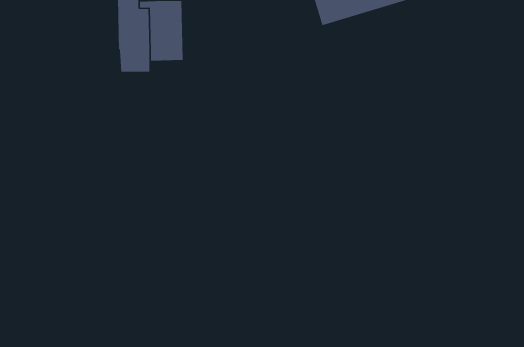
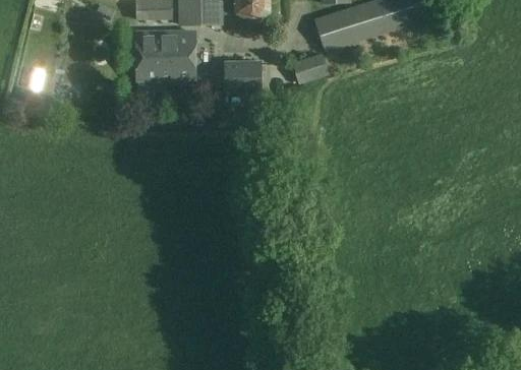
building: none -> [291,53,329,82]
building: none -> [225,63,260,94]

